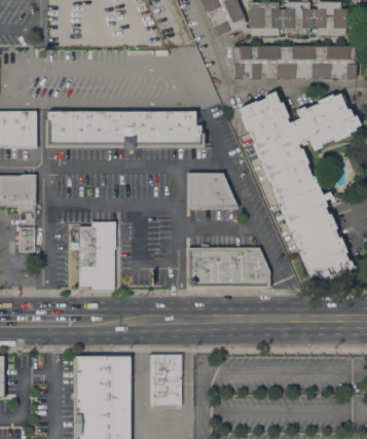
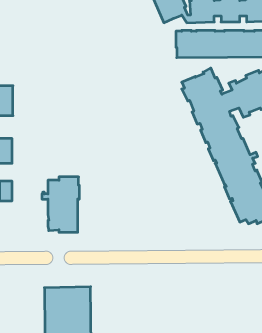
building: [45,111,204,148] -> none
building: [187,173,237,208] -> none
building: [187,248,269,288] -> none
building: [150,354,182,405] -> none

